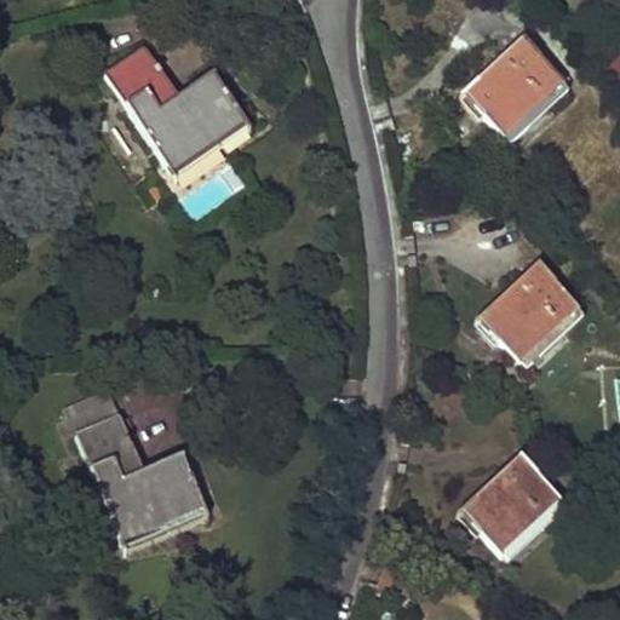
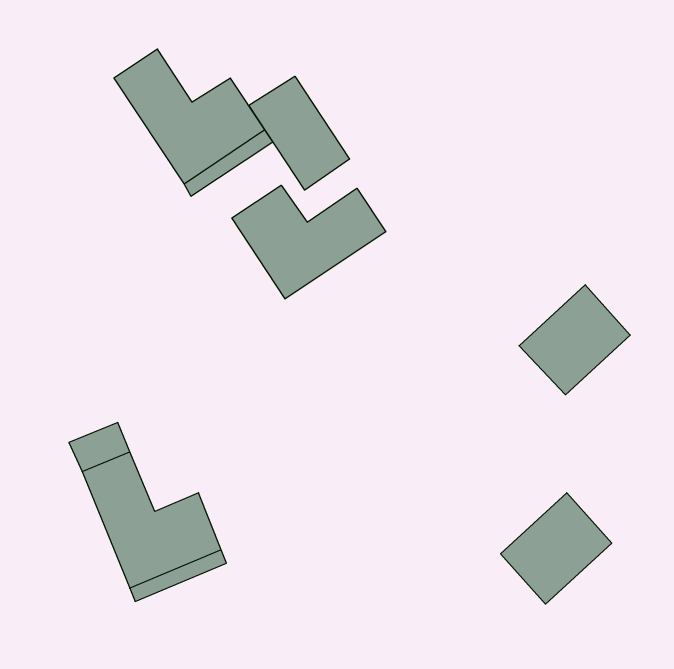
building: [463,34,564,136] -> none
building: none -> [249,76,350,190]
building: none -> [232,185,386,299]

